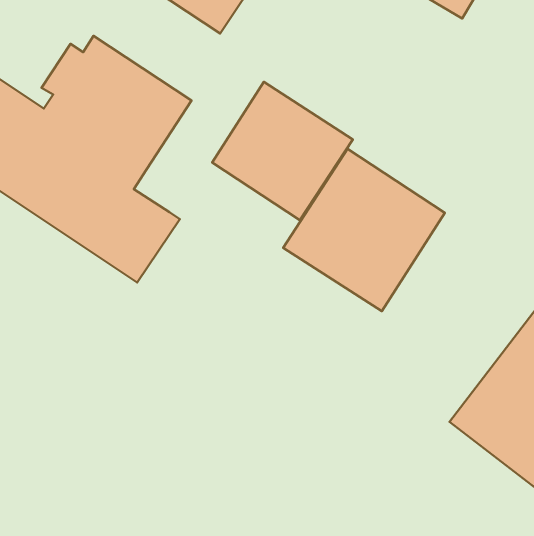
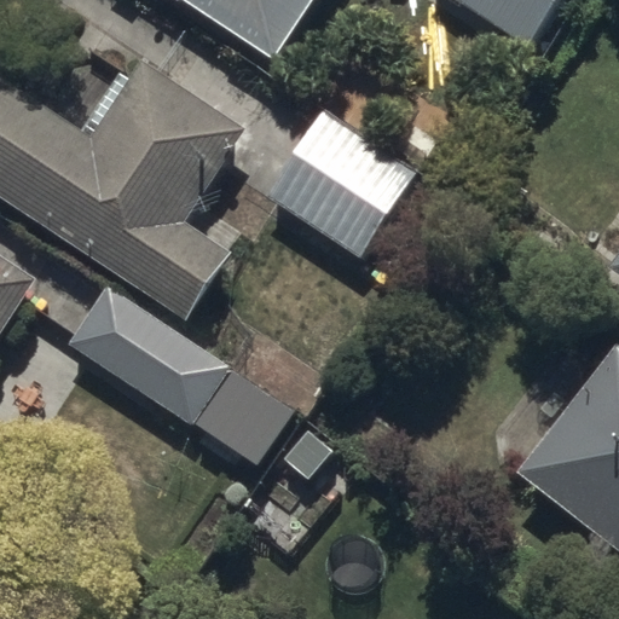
building: [283,149,445,311] -> none
building: none -> [68,283,301,470]

